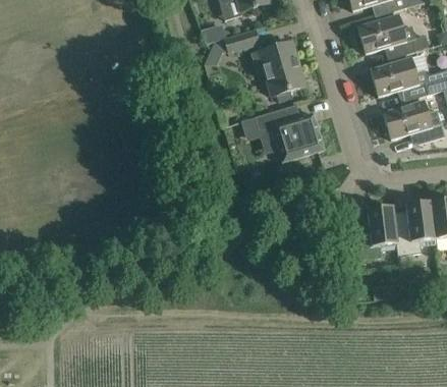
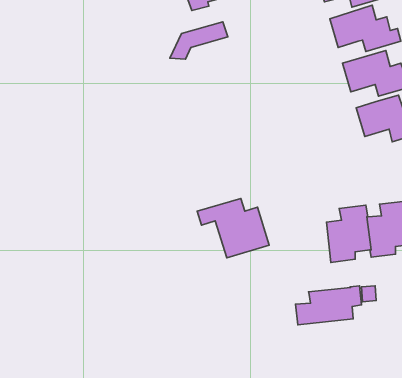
building: [259,41,304,95] -> none
building: [255,104,324,161] -> [197,199,269,258]
building: none -> [296,286,361,325]

